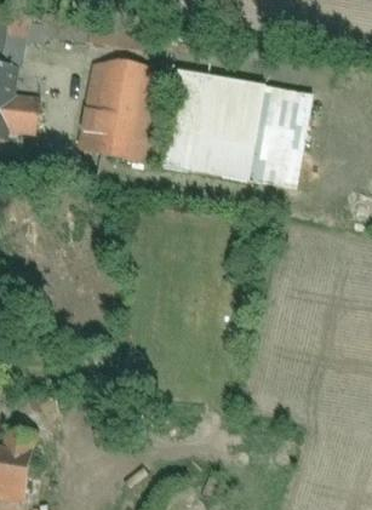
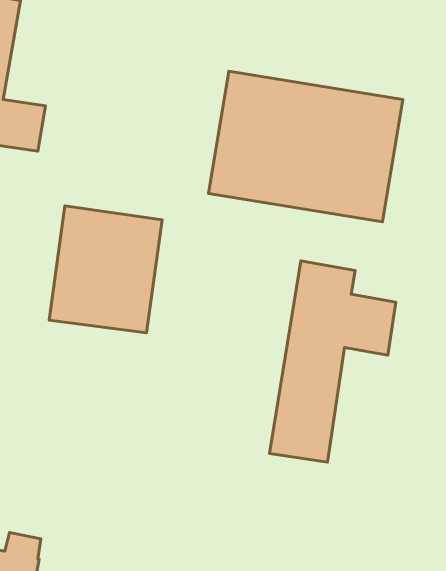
building: [76,62,164,160] -> [49,206,162,333]
building: none -> [270,261,396,462]

